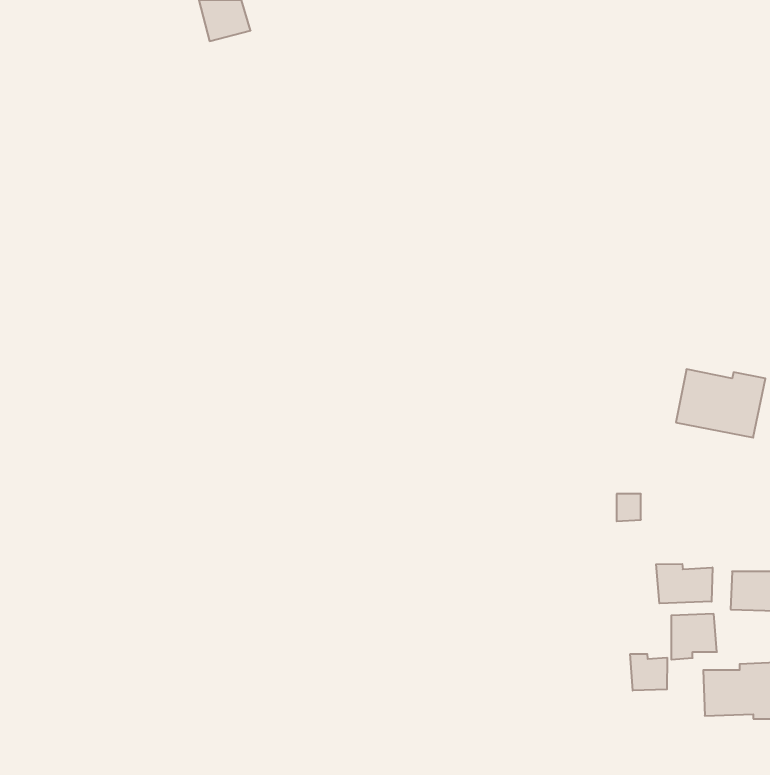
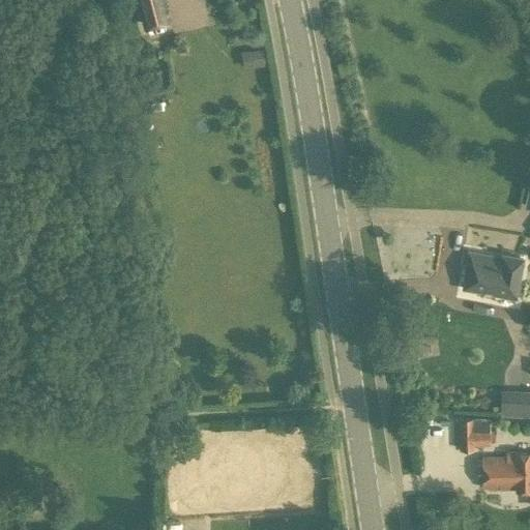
building: [656,564,712,603] -> none
building: [630,654,667,691] -> none

